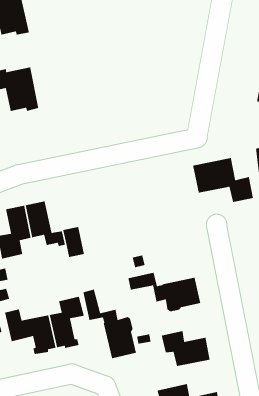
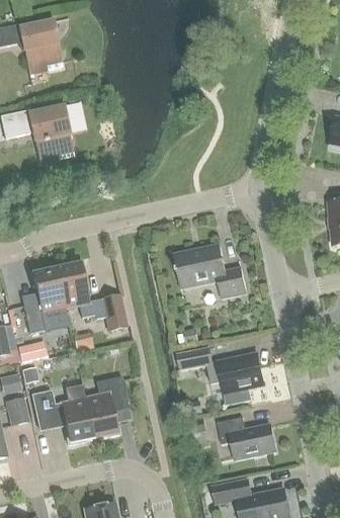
building: [192,157,254,203] -> [173,243,246,296]
building: [82,289,137,359] -> none

